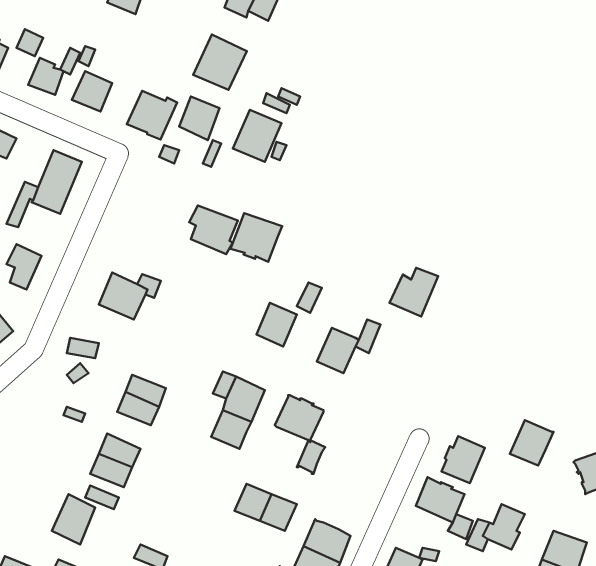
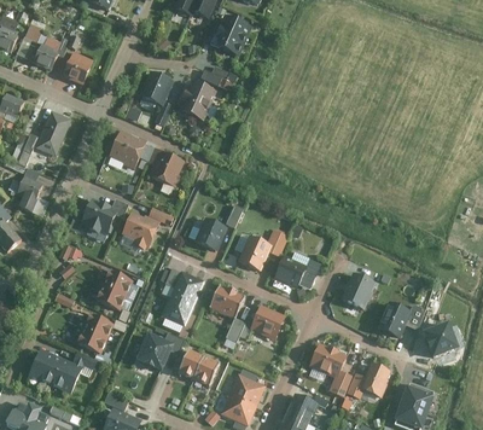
building: [193,34,247,90] -> [210,12,249,52]
building: [127,91,177,139] -> [109,130,145,165]
building: [230,213,282,262] -> none
building: [389,268,438,316] -> [274,251,309,286]
building: none -> [122,211,158,248]
building: none -> [252,307,283,337]
building: [441,436,485,483] -> [342,274,373,308]
building: none -> [138,335,171,370]
building: none -> [28,348,60,383]

